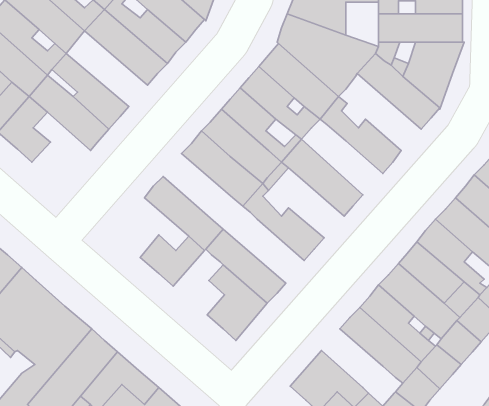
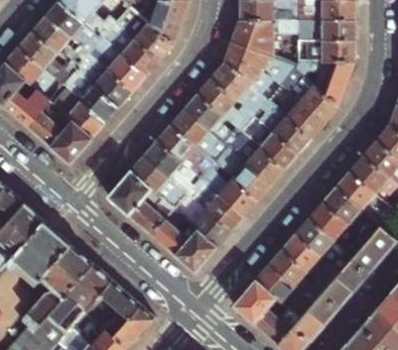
building: none -> [74,53,131,107]
building: none -> [266,84,324,138]
building: none -> [49,111,91,163]
building: none -> [240,116,297,169]
building: none -> [142,140,191,188]
building: none -> [225,157,270,200]
building: none -> [106,171,160,214]
building: none -> [184,178,242,232]
building: none -> [149,208,185,254]
building: none -> [254,264,297,306]

